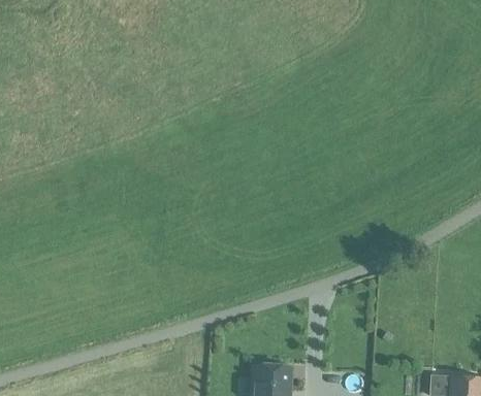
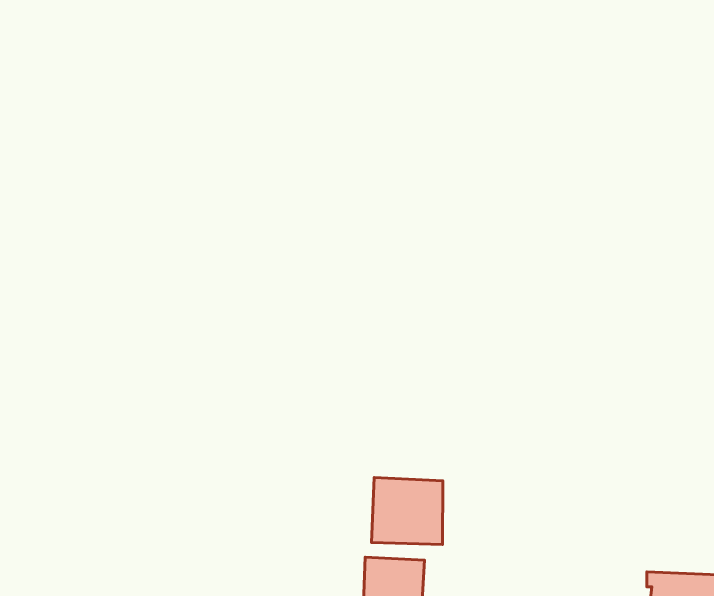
building: none -> [371,477,443,544]

